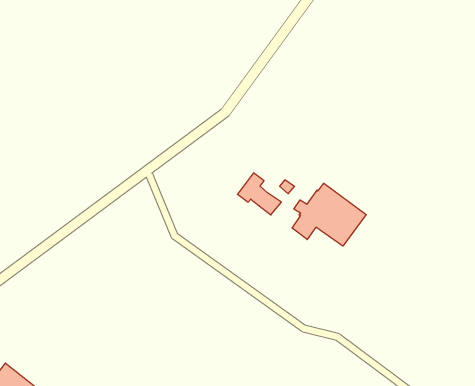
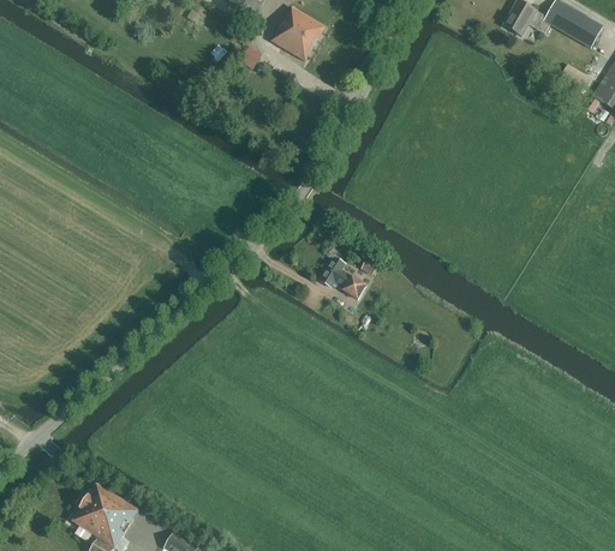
building: [292,183,366,246] -> none

